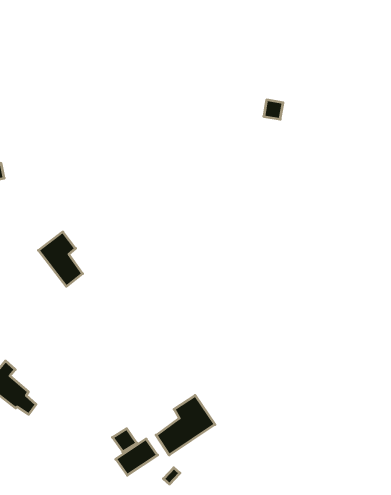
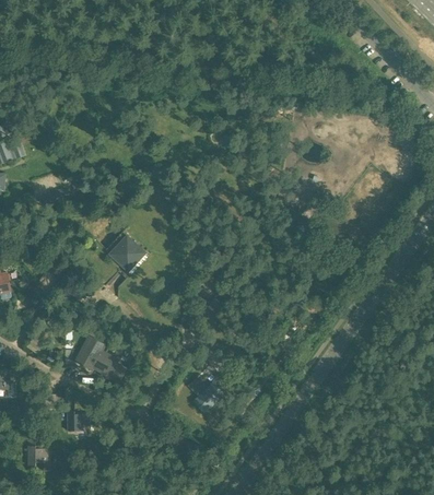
building: [156,395,215,455] -> none

